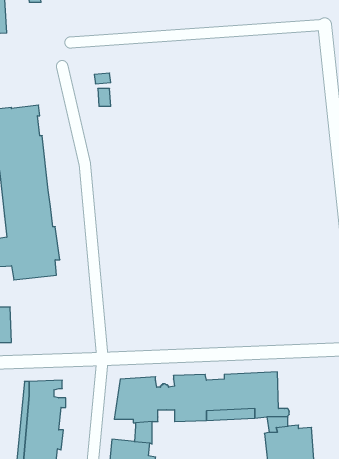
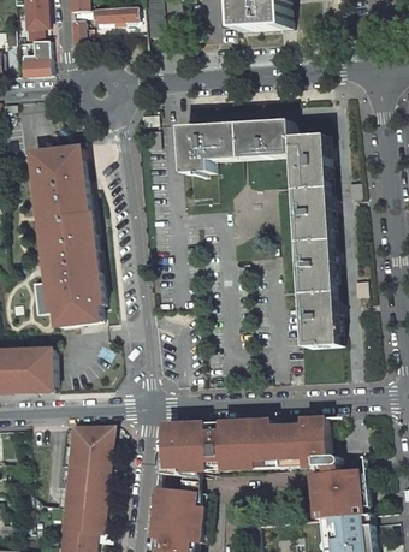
building: none -> [179,123,336,346]

